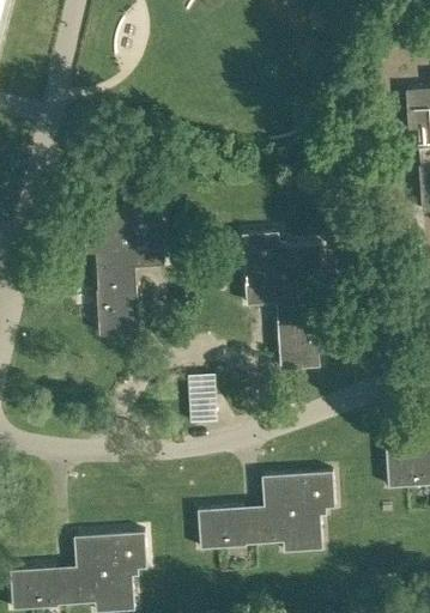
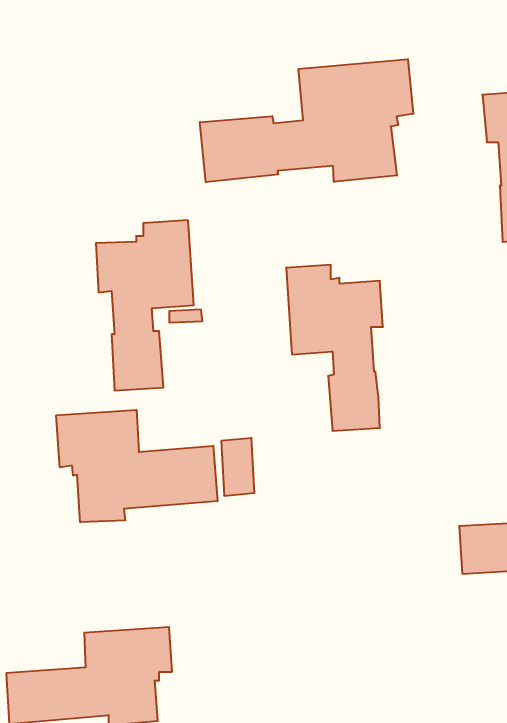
building: none -> [200,59,413,182]
building: none -> [56,410,217,522]
building: [198,471,335,552] -> none

